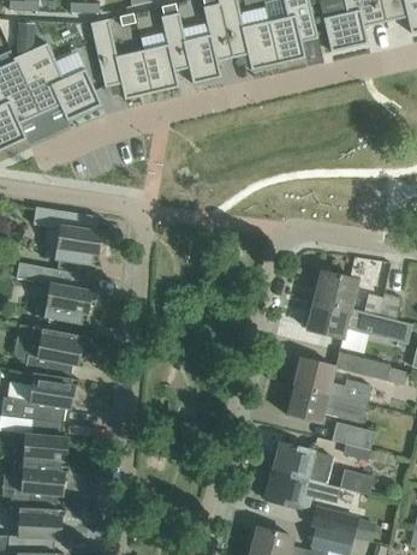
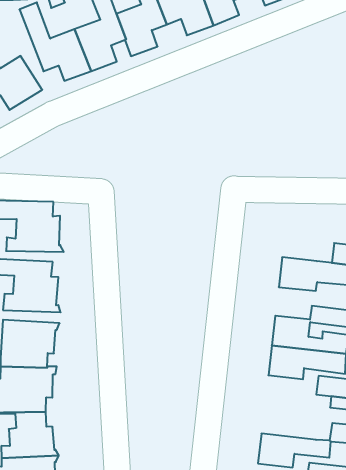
building: [316,271,357,309] -> none
building: [273,442,333,484] -> none

